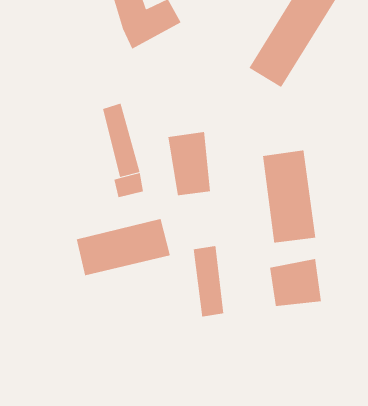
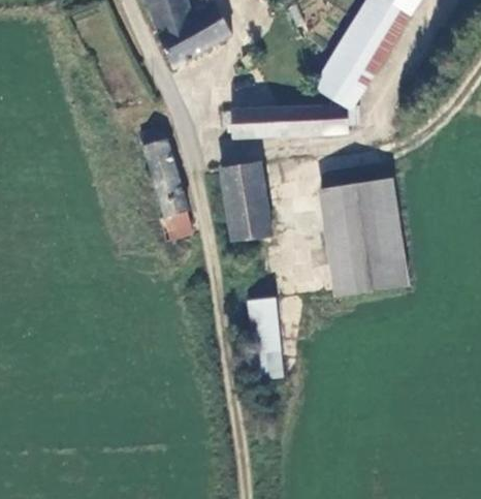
building: none -> [232,107,364,138]
building: [76,218,171,276] -> none
building: [270,258,322,307] -> none

